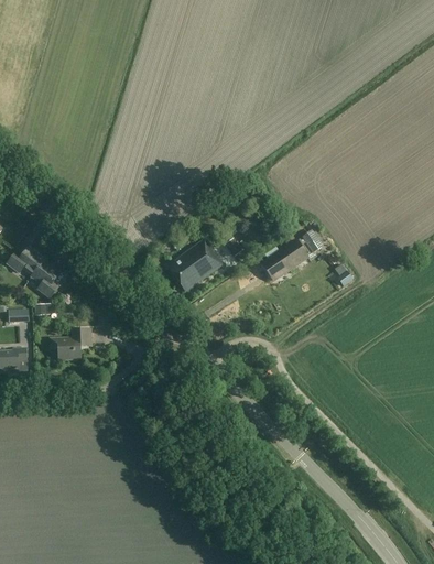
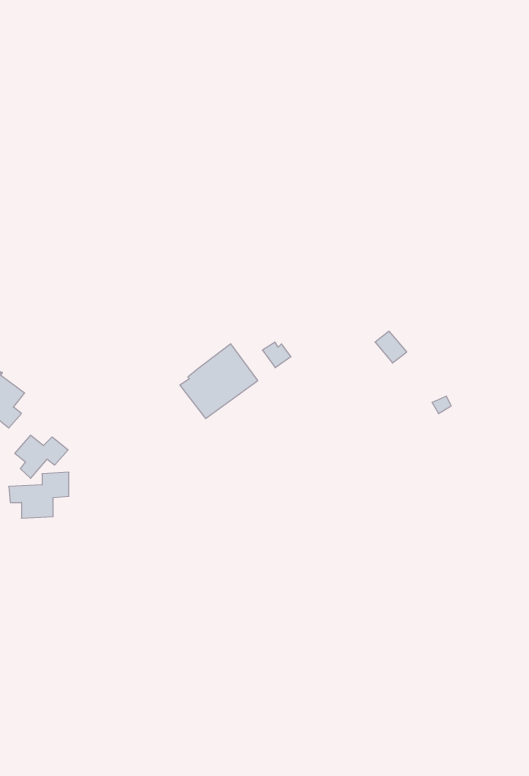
building: [260,239,308,281] -> none
building: none -> [15,435,68,478]

